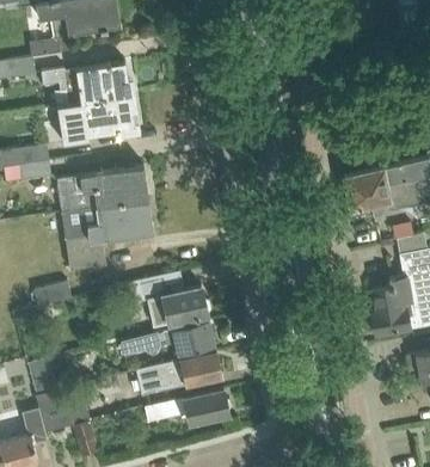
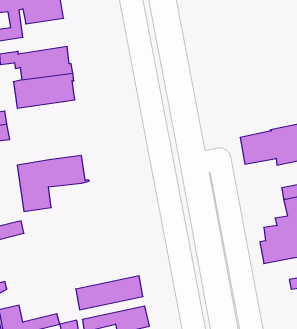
building: [56,166,143,211] -> none
building: [125,272,208,327] -> none
building: [121,320,215,355] -> none

